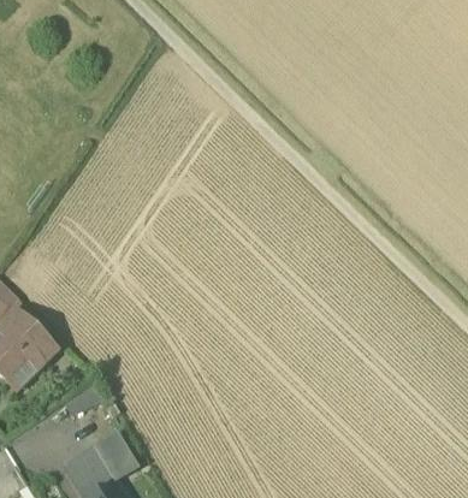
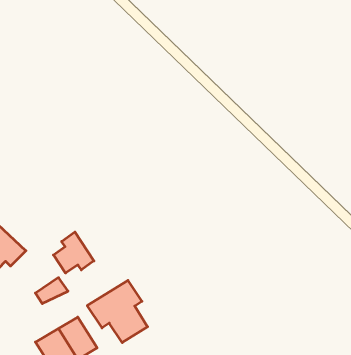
building: none -> [53,232,94,273]
building: none -> [87,280,148,343]

